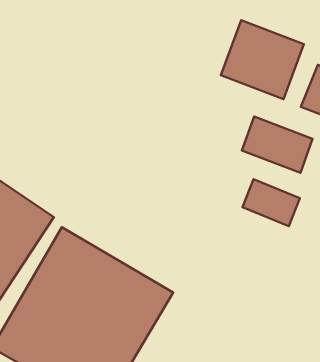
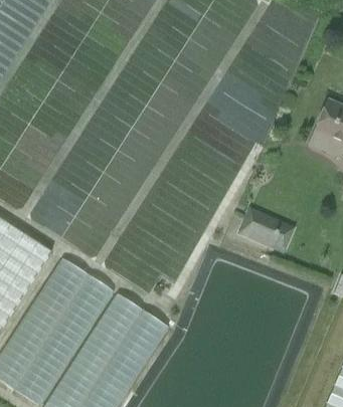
building: [221,20,304,99] -> none
building: [242,116,313,173] -> none

